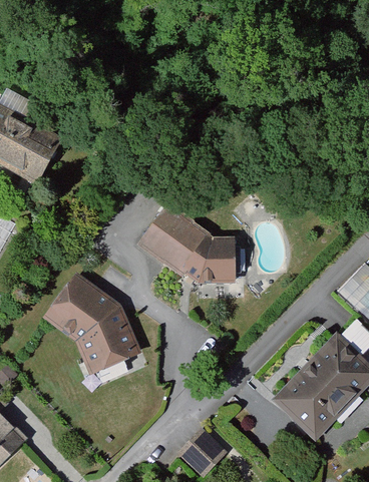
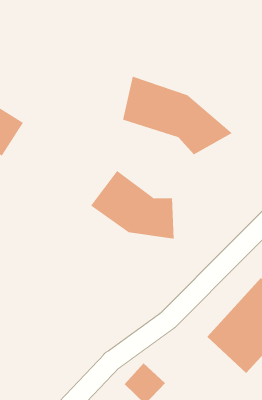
building: none -> [123,76,233,155]
building: [43,274,140,375] -> none

